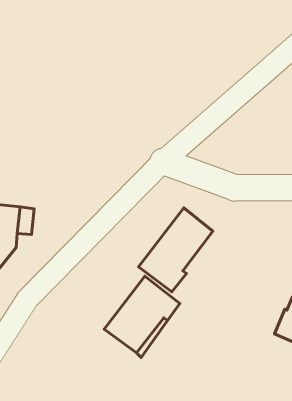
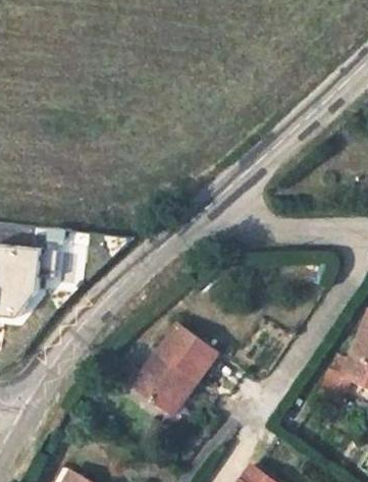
building: [139,208,213,292] -> none

